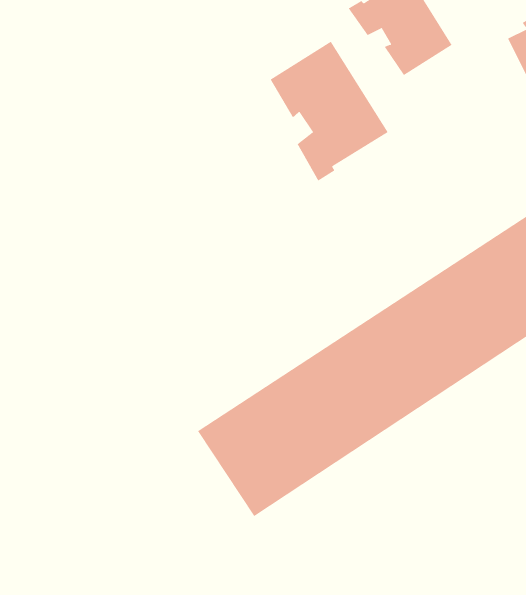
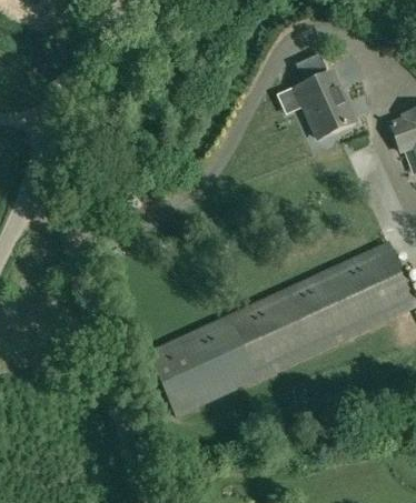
building: [270,41,389,182] -> none

